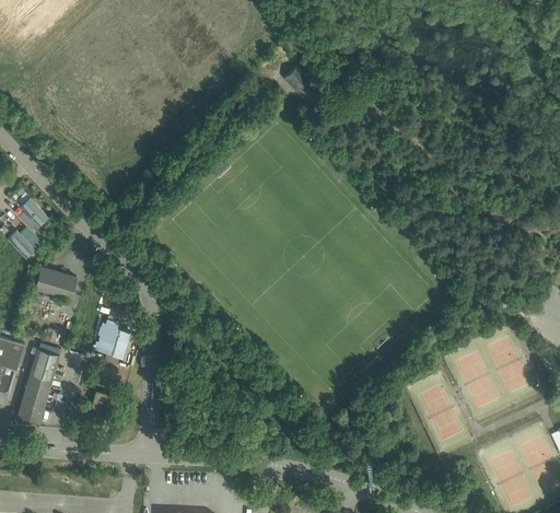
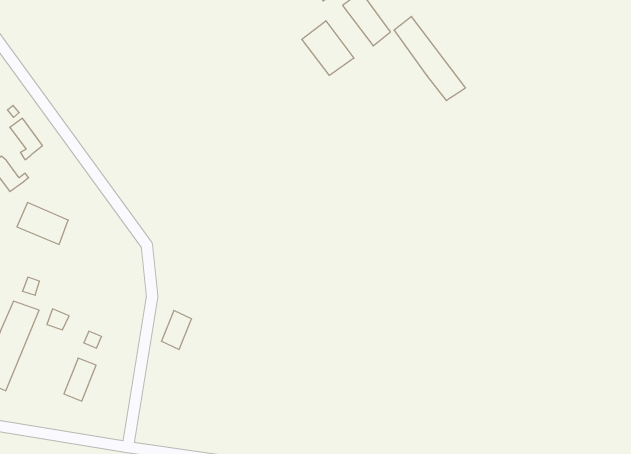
building: none -> [394,16,465,101]
building: none -> [302,21,354,75]
building: [105,325,128,357] -> [161,310,192,350]

